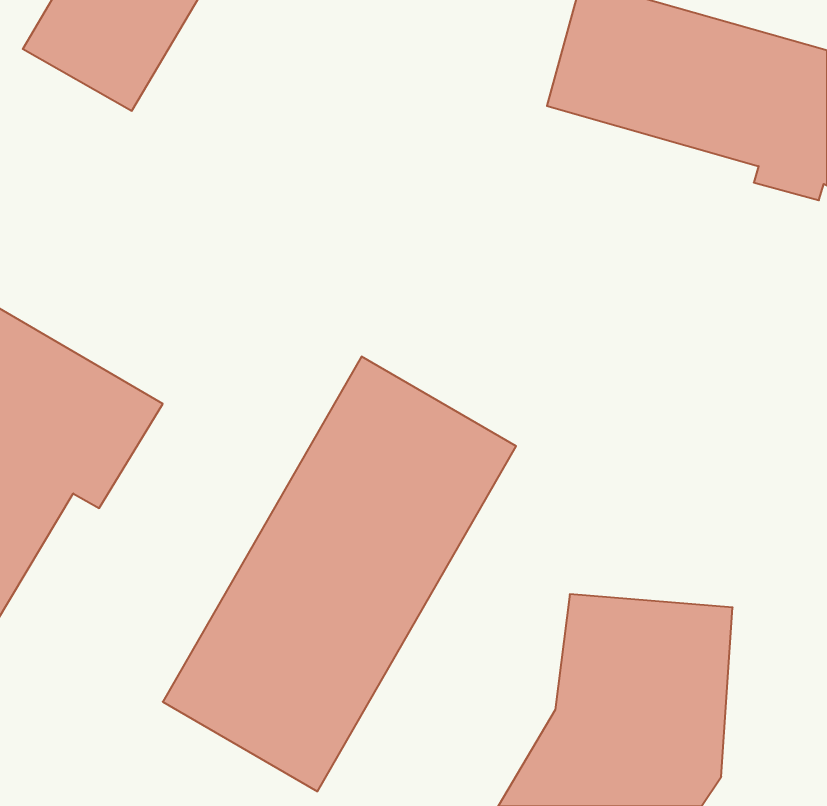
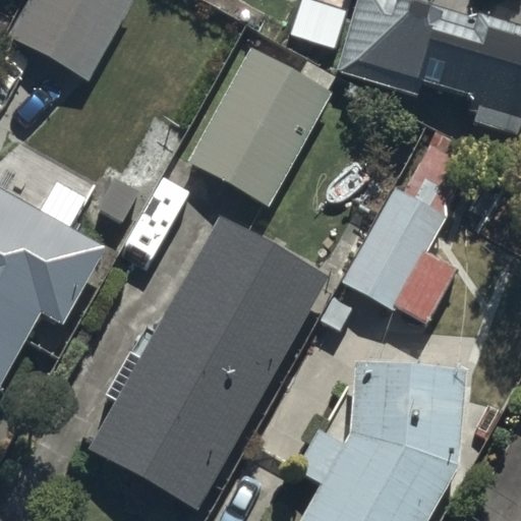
building: none -> [191,55,320,196]
building: none -> [346,151,467,324]

